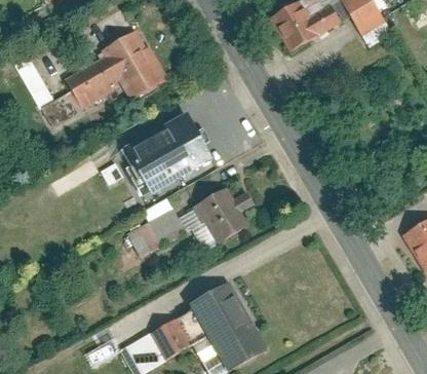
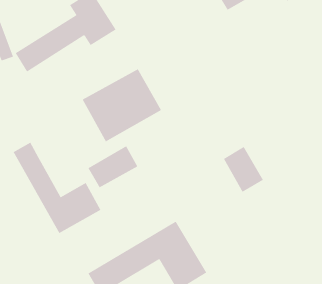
building: [202,185,248,237] -> [223,146,264,192]
building: none -> [13,142,101,234]

